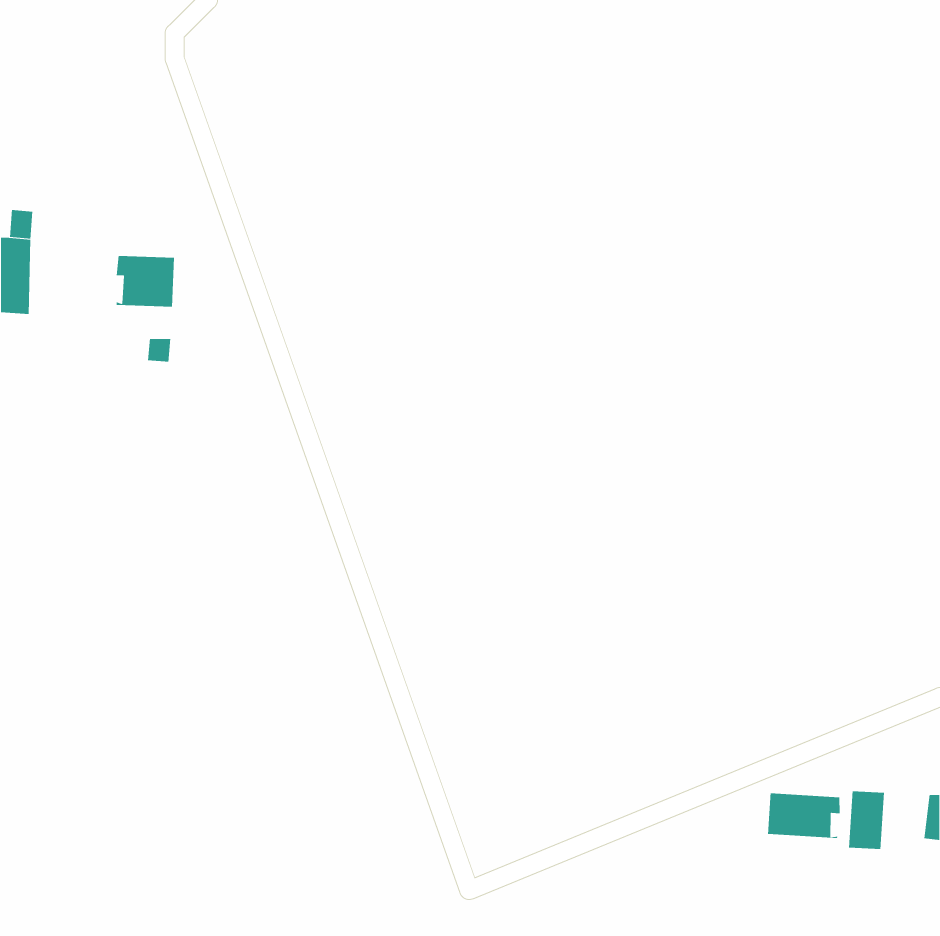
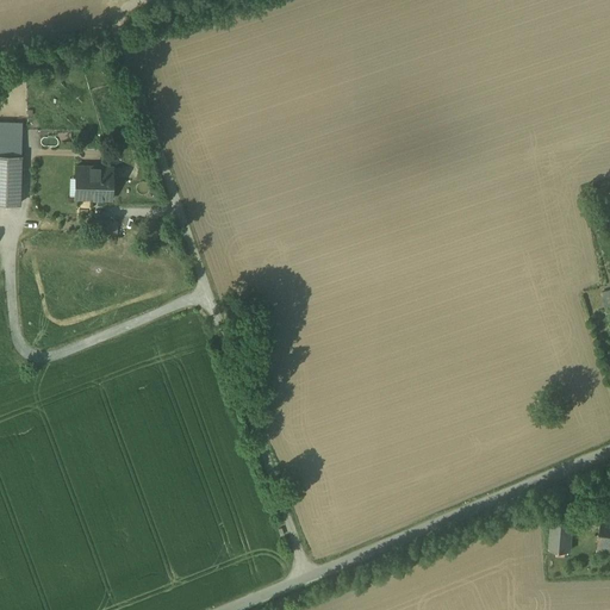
building: [768,792,840,839] -> none

